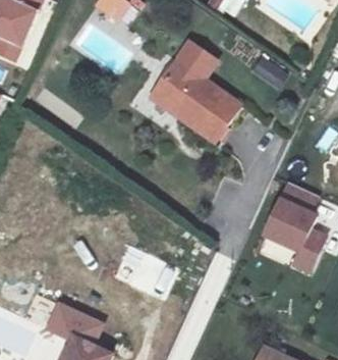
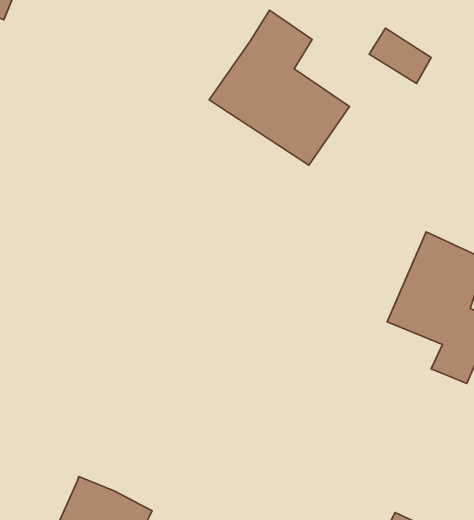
building: [46,302,100,342] -> none

